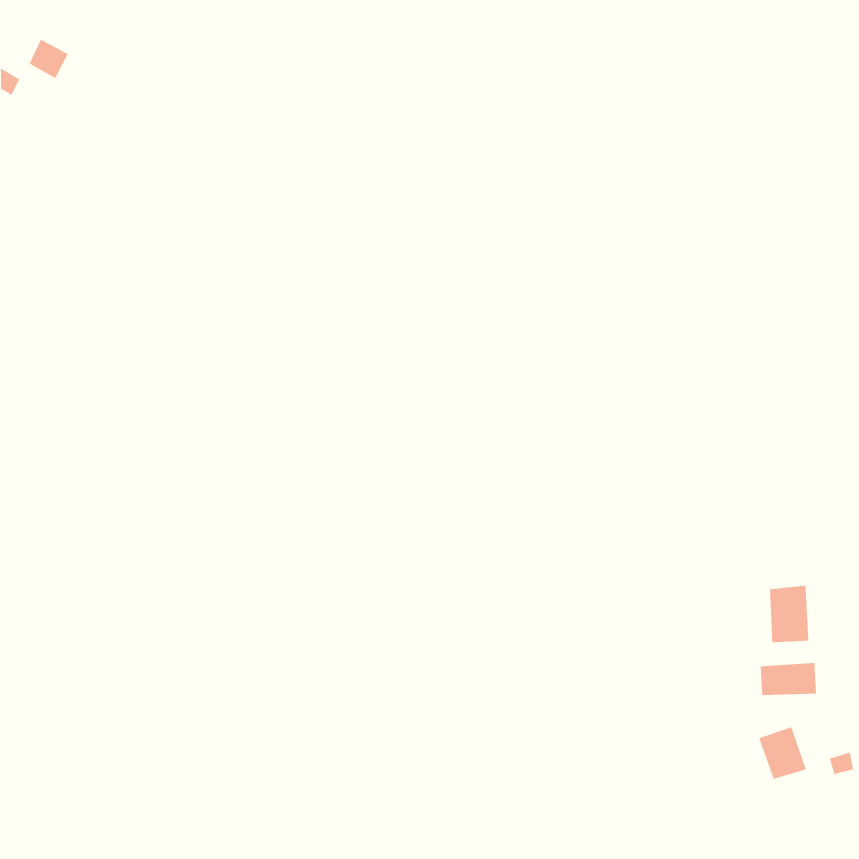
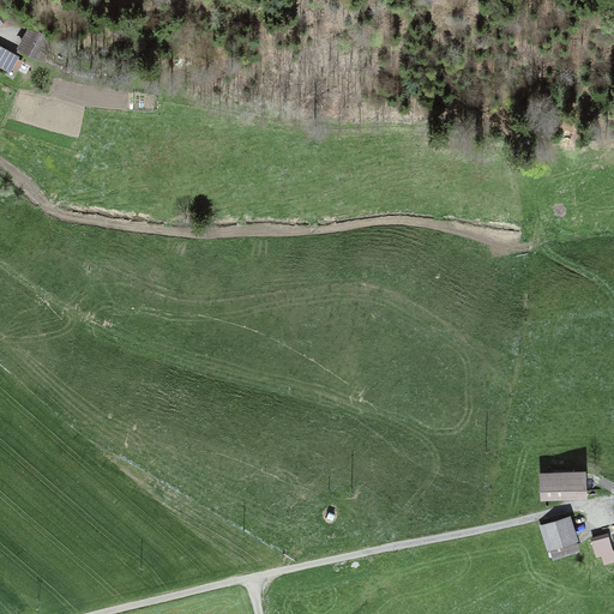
building: [769,585,809,643] -> none

